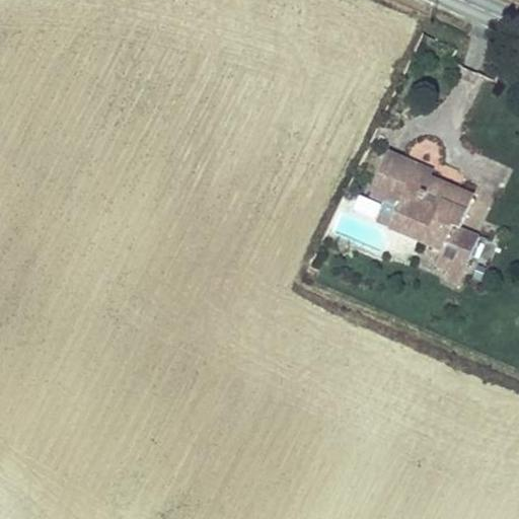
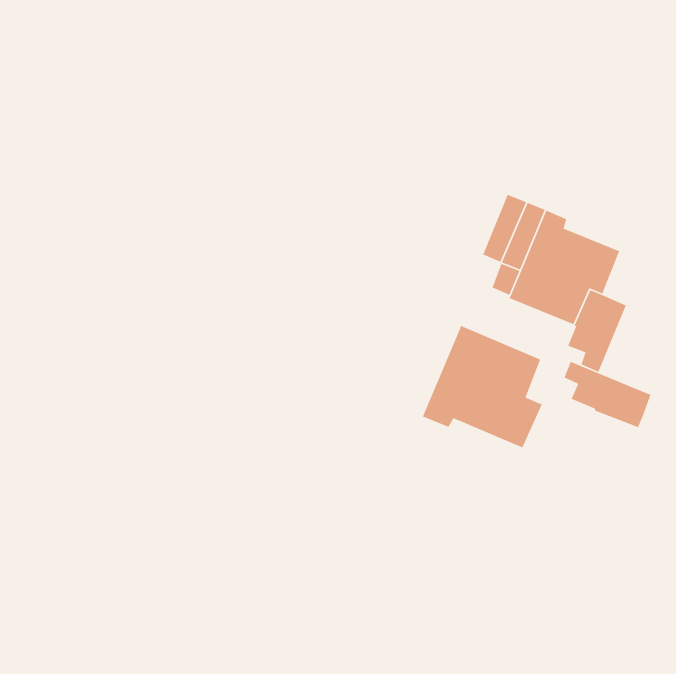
building: none -> [422,325,543,449]
building: none -> [563,361,652,428]

